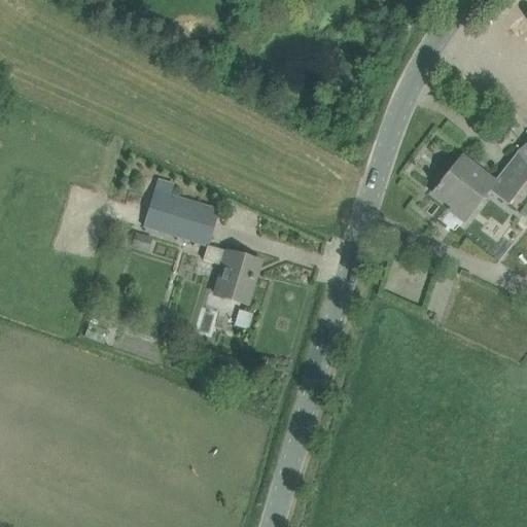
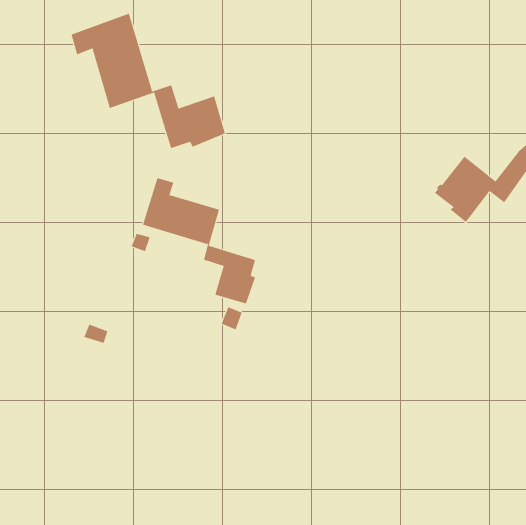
building: none -> [71,13,225,149]

